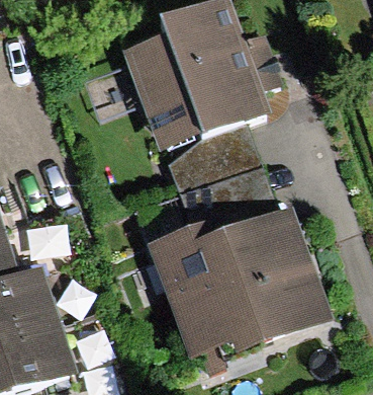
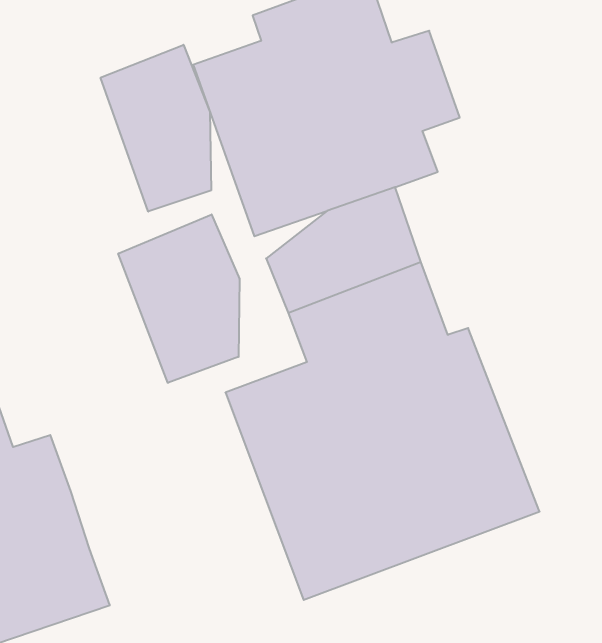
building: none -> [101,45,211,212]
building: none -> [118,214,239,383]

